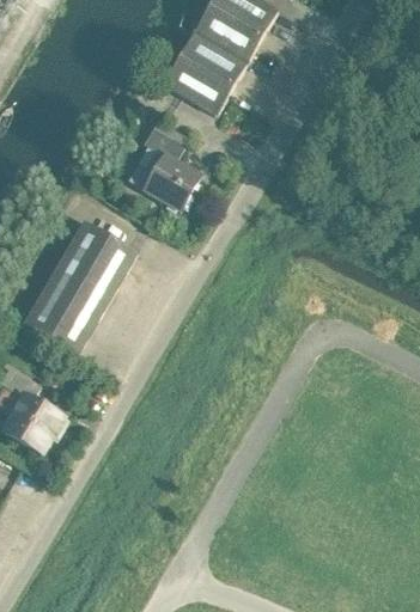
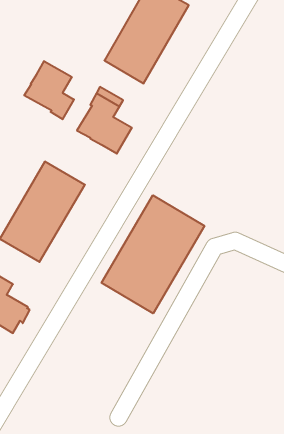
building: none -> [24,61,74,119]
building: none -> [102,195,204,313]

